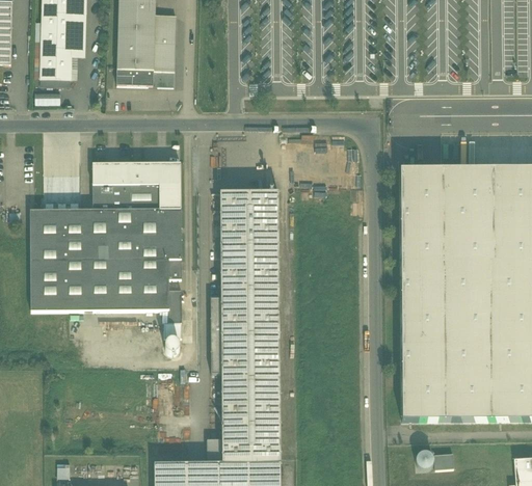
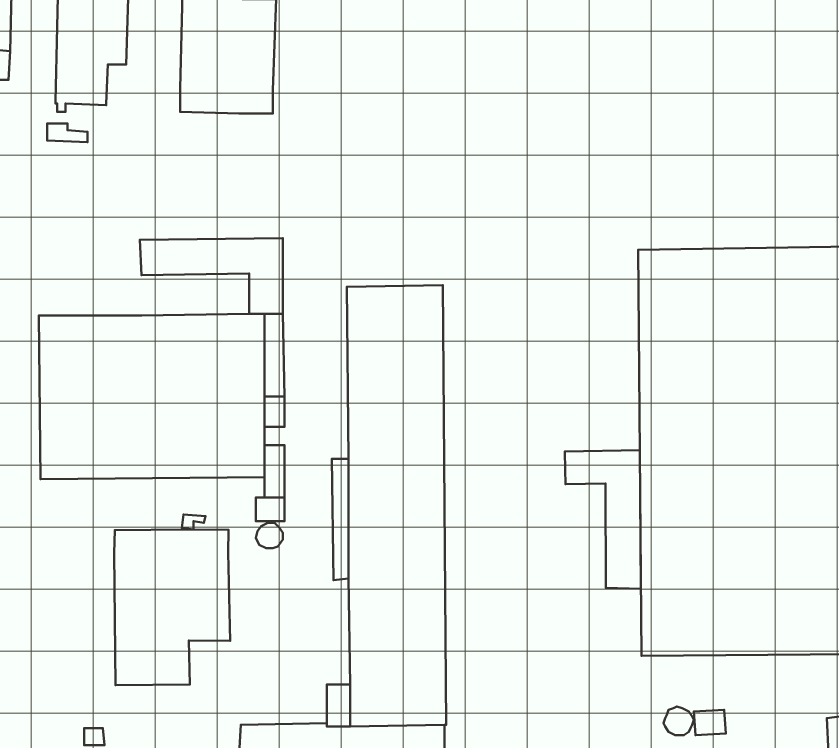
building: [94,183,160,209] -> none
building: none -> [565,450,641,589]
building: none -> [114,529,230,685]

